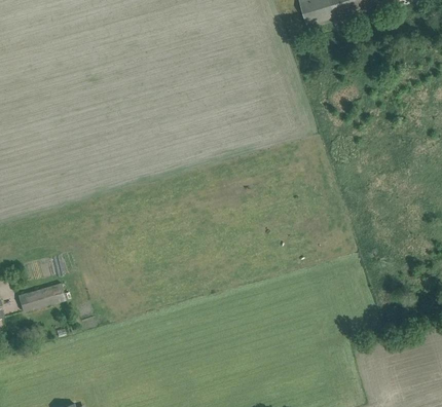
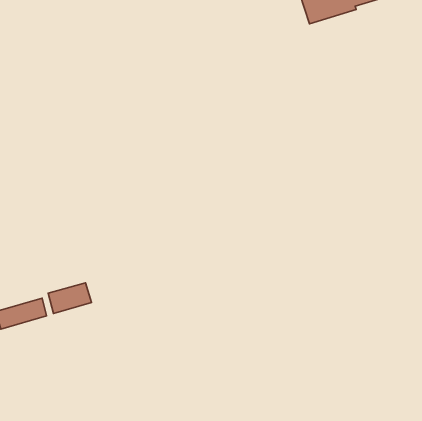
building: none -> [48,283,92,313]

